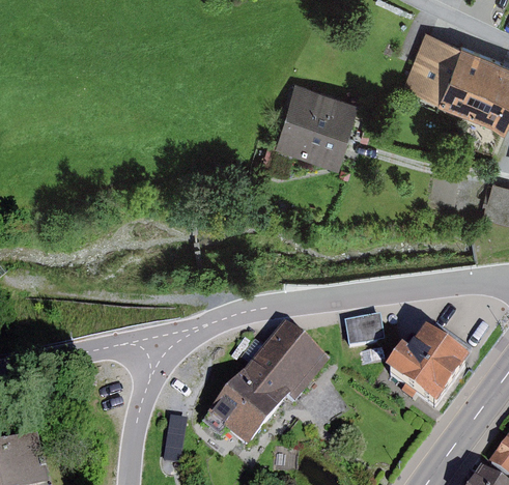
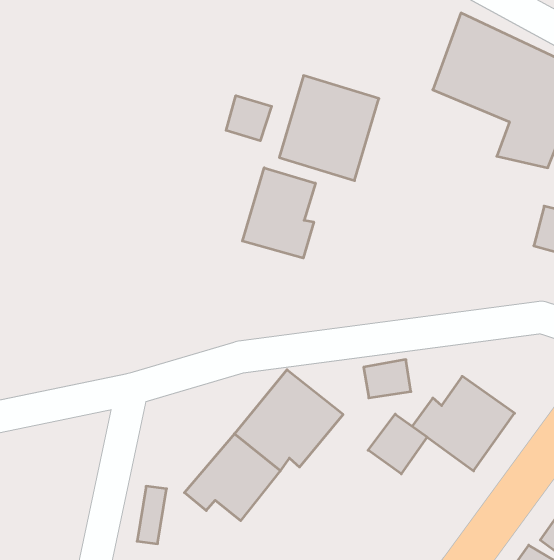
building: none -> [226,96,272,141]
building: none -> [242,168,315,258]
building: none -> [368,414,427,474]

